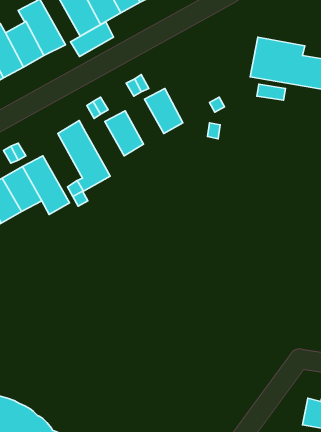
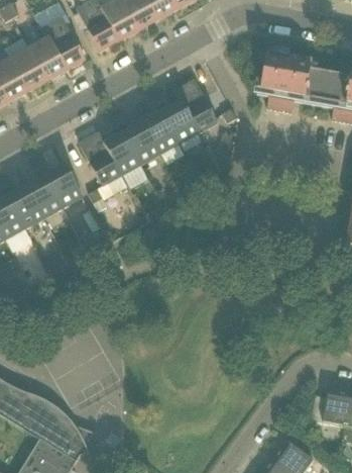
building: [70,22,114,57] -> none
building: none -> [173,78,218,132]
building: none -> [142,110,179,153]
building: none -> [105,131,141,174]

